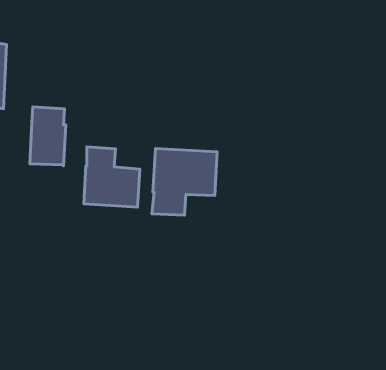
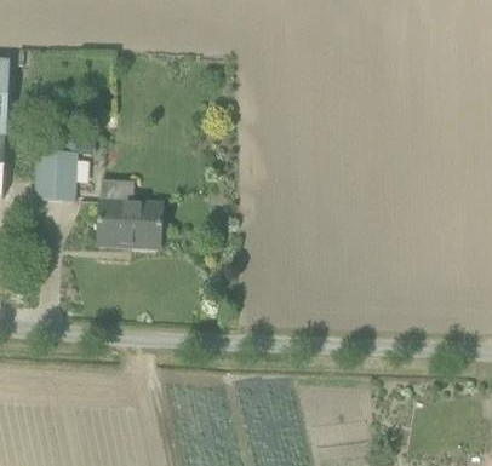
building: [152,149,217,215] -> none

